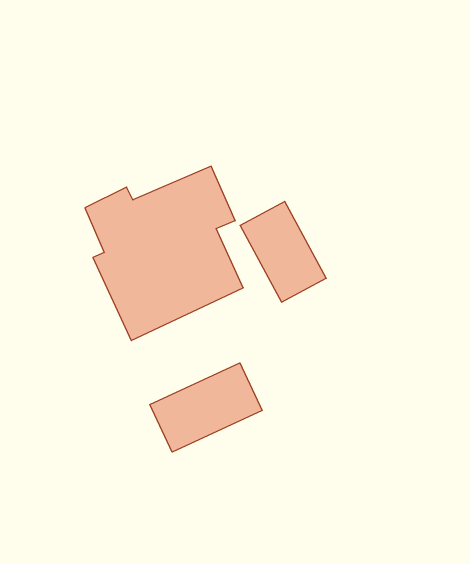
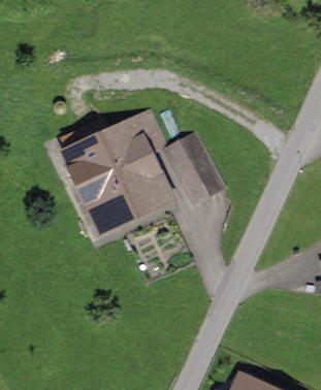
building: [150,363,262,452] -> none

